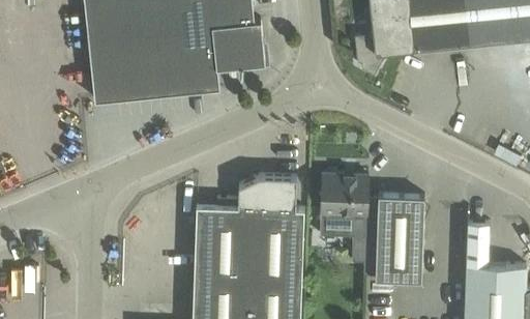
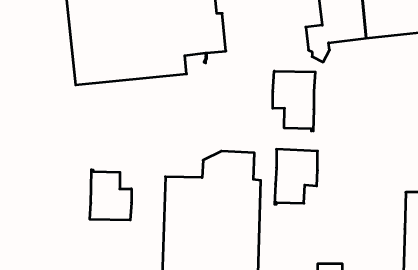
building: none -> [273,71,315,131]
building: [352,198,425,285] -> none
building: none -> [90,170,131,220]

